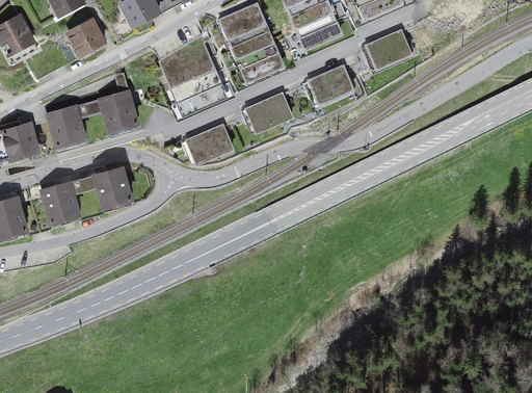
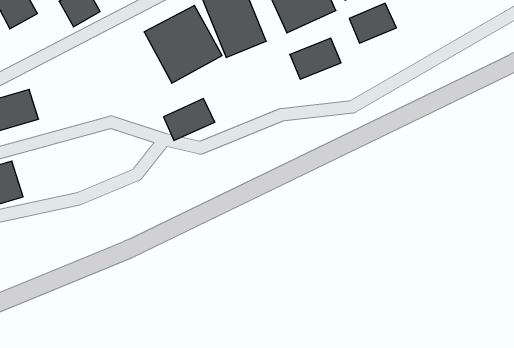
building: [45,87,141,150] -> none
building: [238,96,288,138] -> none
building: [37,161,134,224] -> none

